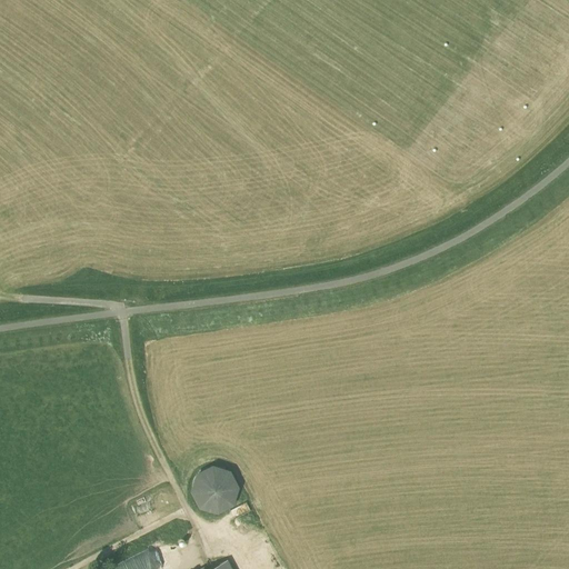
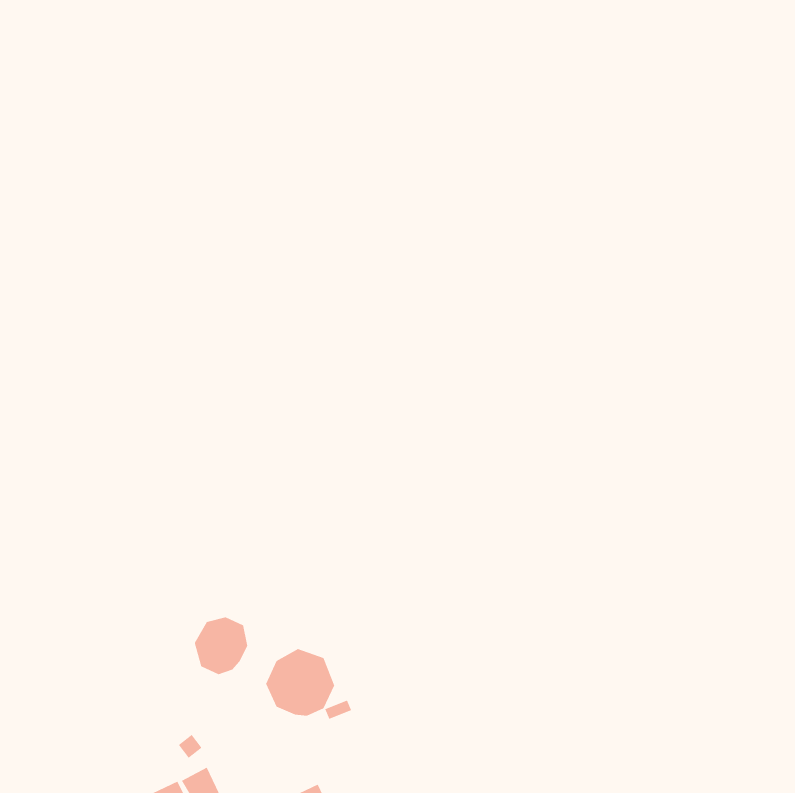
building: none -> [194,617,248,675]

